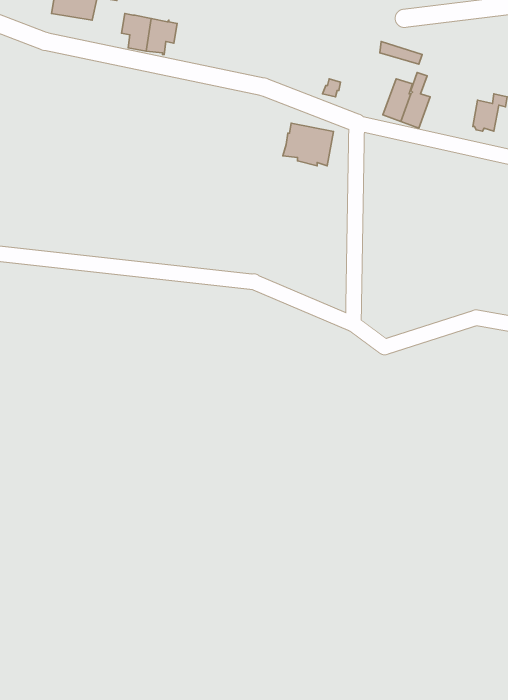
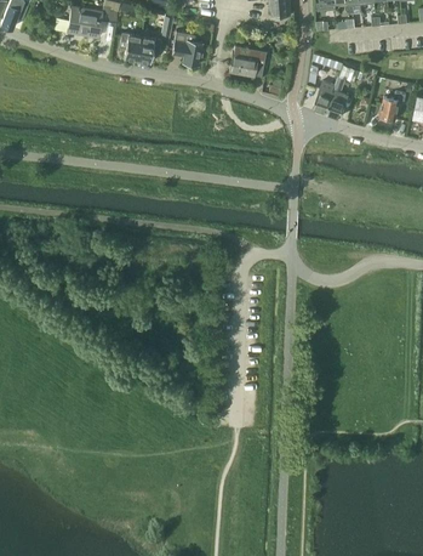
building: none -> [171,30,202,67]
building: [283,123,334,166] -> [228,46,265,78]

